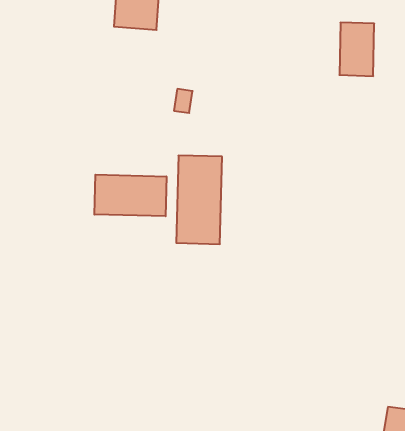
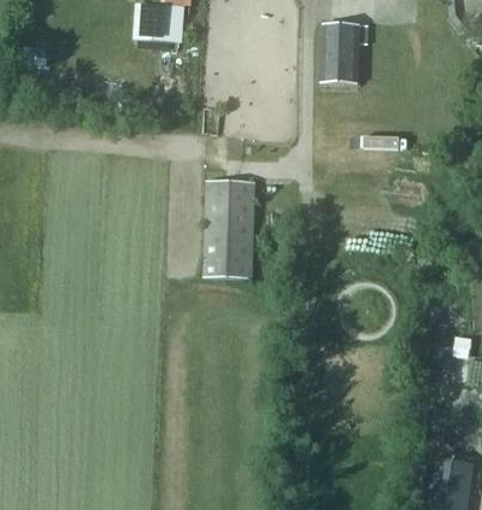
building: [339,23,374,76] -> [322,22,360,81]
building: [94,175,166,216] -> none

